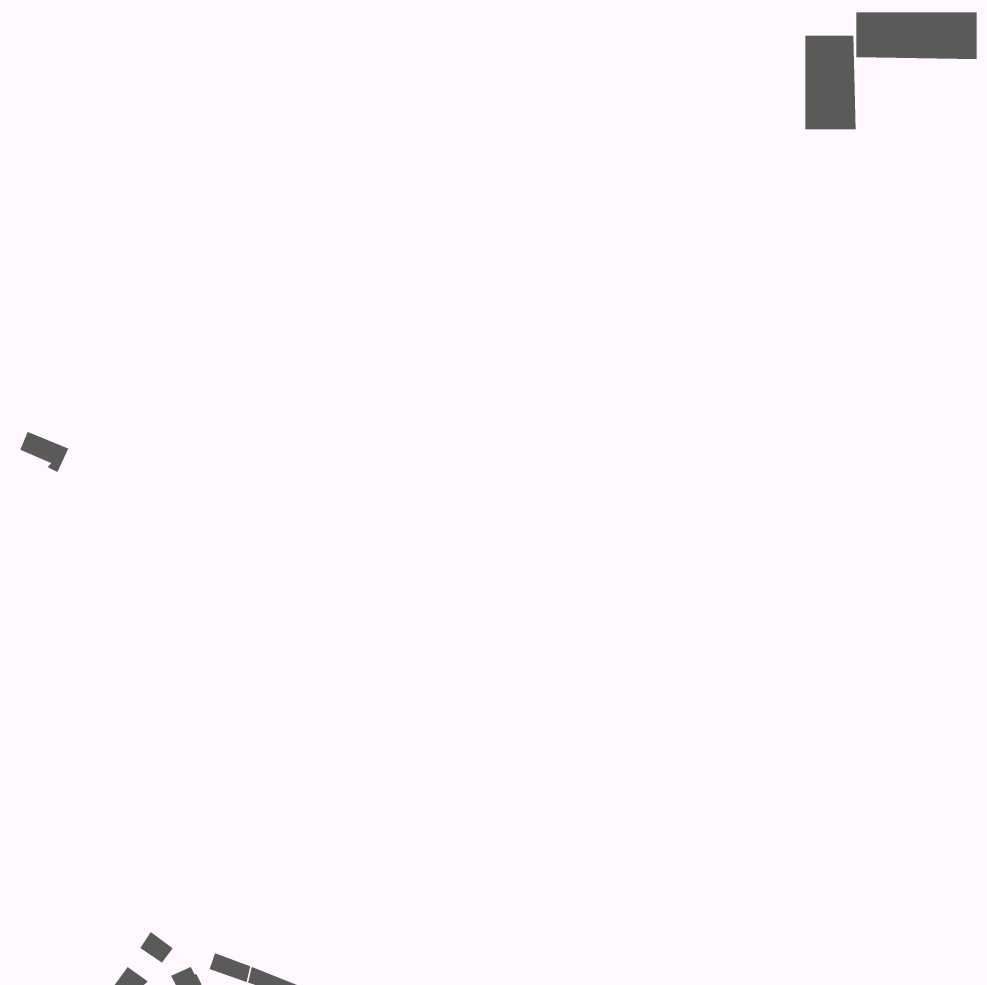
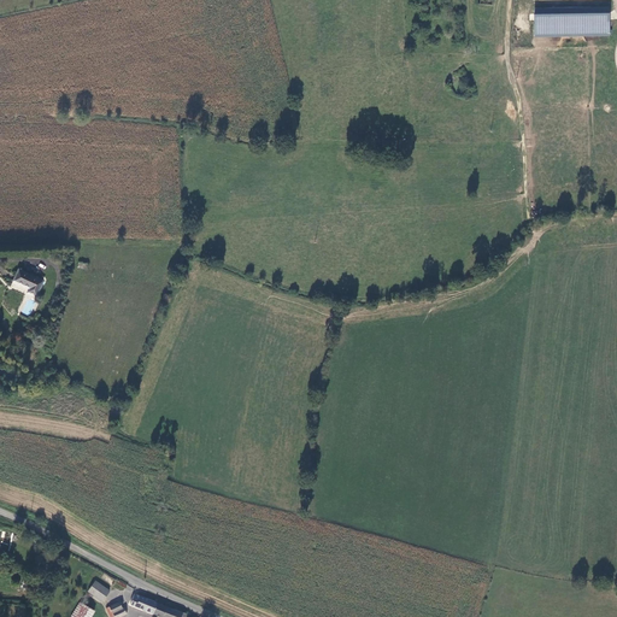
building: [804,35,856,130] -> none

